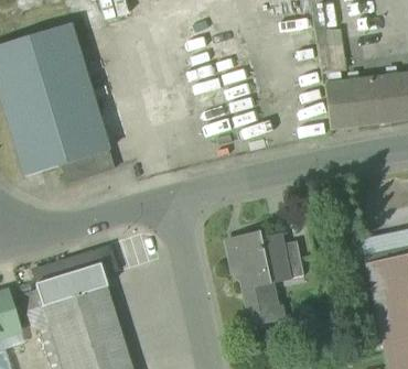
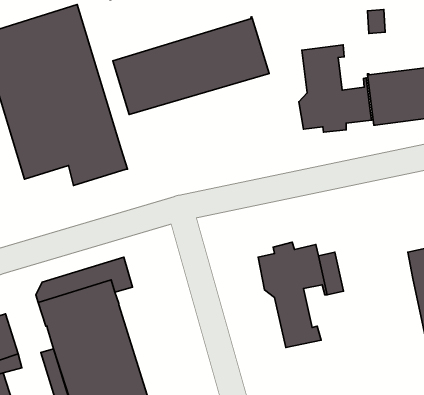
building: none -> [113,17,269,115]
building: none -> [299,45,371,132]

